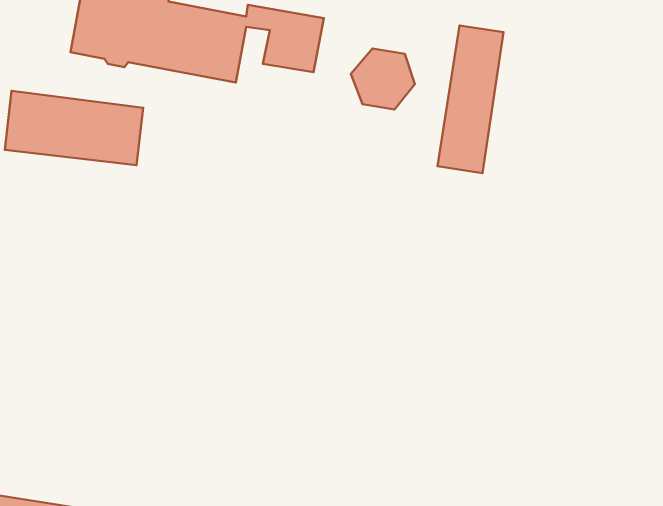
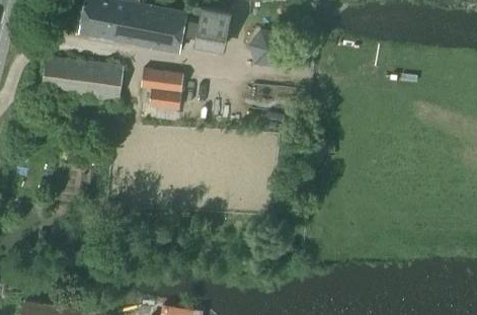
building: [437,25,503,173] -> none
building: none -> [140,69,182,108]

